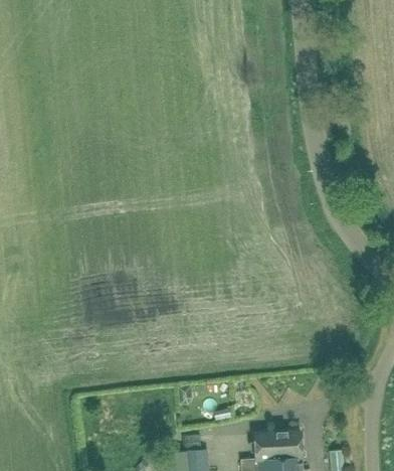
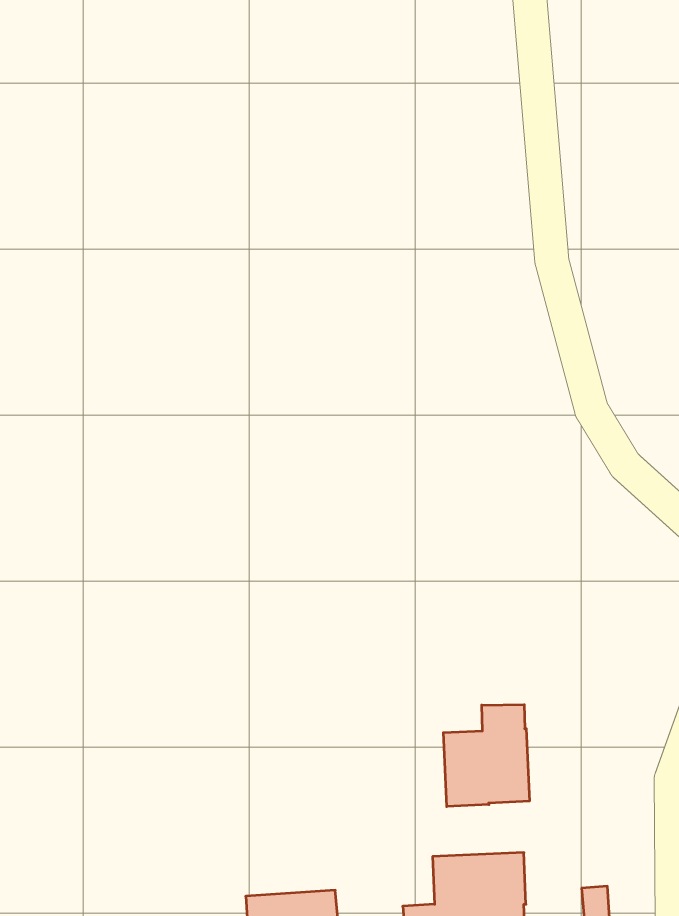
building: none -> [443,705,529,807]

